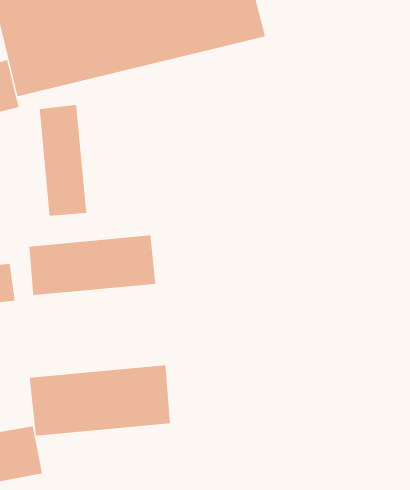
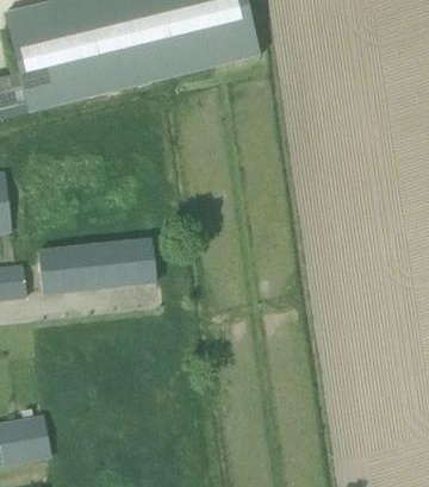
building: [39,104,87,216] -> none
building: [29,364,171,436] -> none

